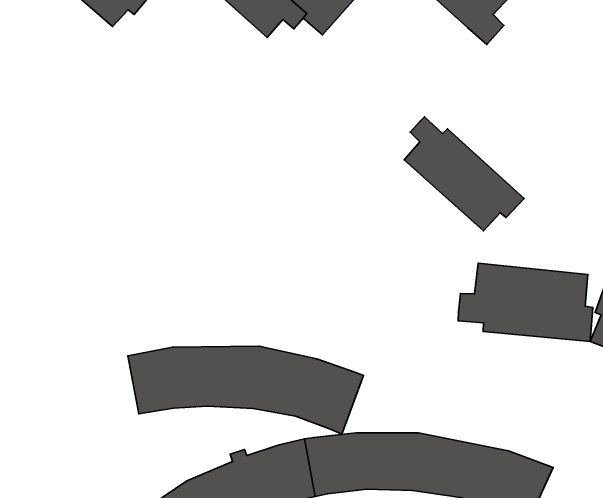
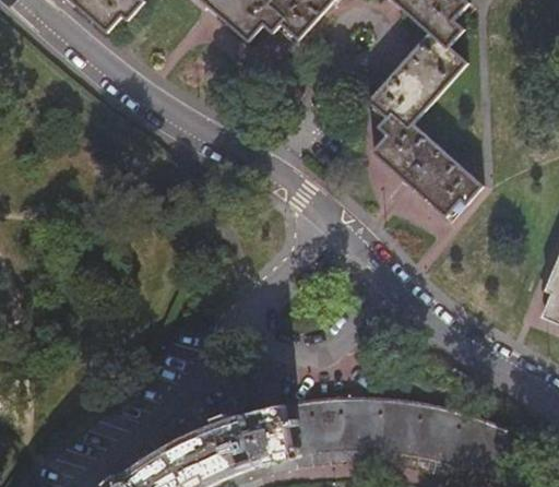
building: none -> [368,31,466,127]
building: [458,263,593,341] -> none
building: [128,346,363,434] -> none

